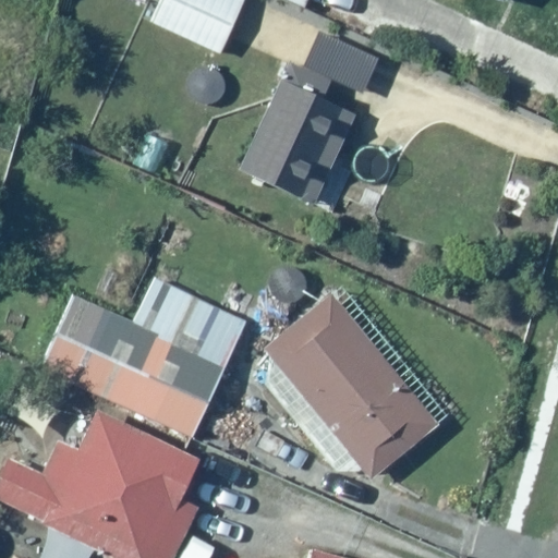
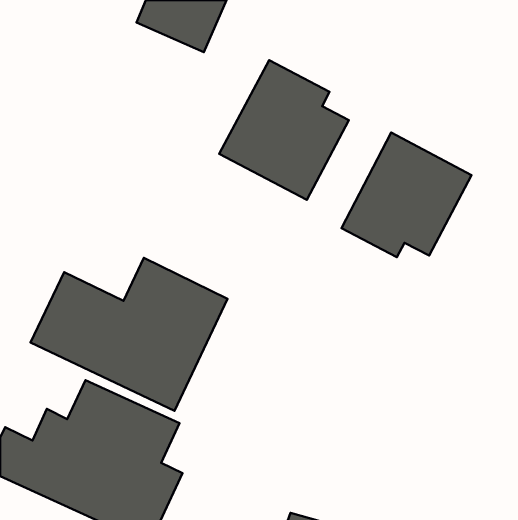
building: none -> [342,133,471,257]
building: [266,282,450,484] -> none

